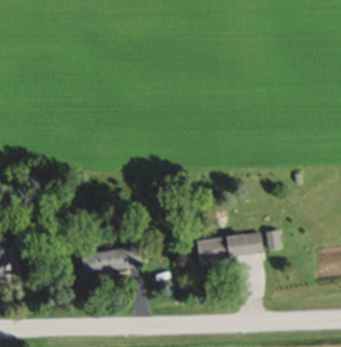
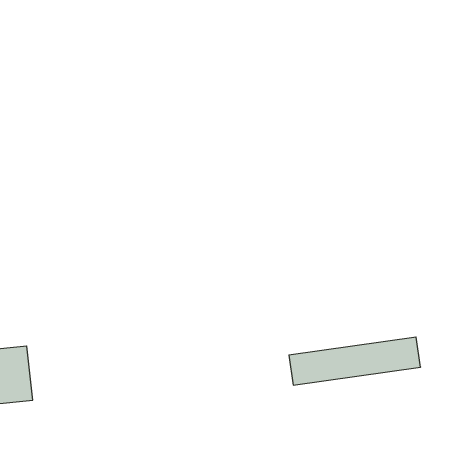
building: [81,244,143,276] -> none

